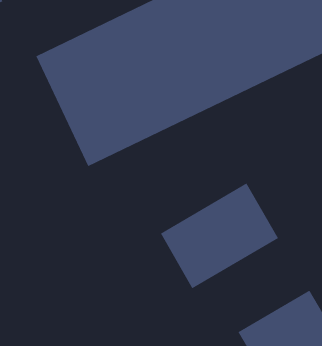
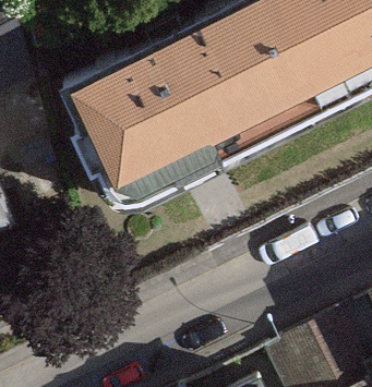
building: [160,182,279,289] -> none

